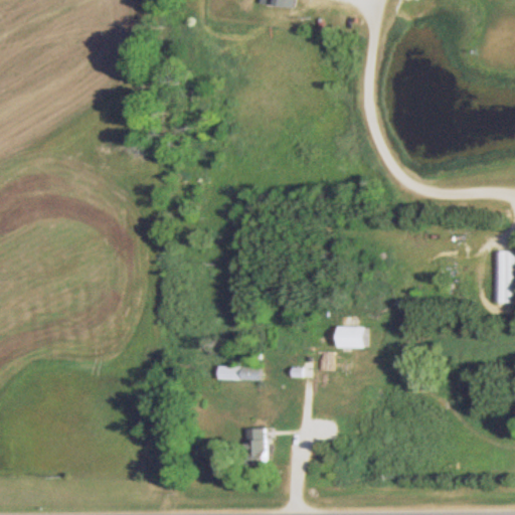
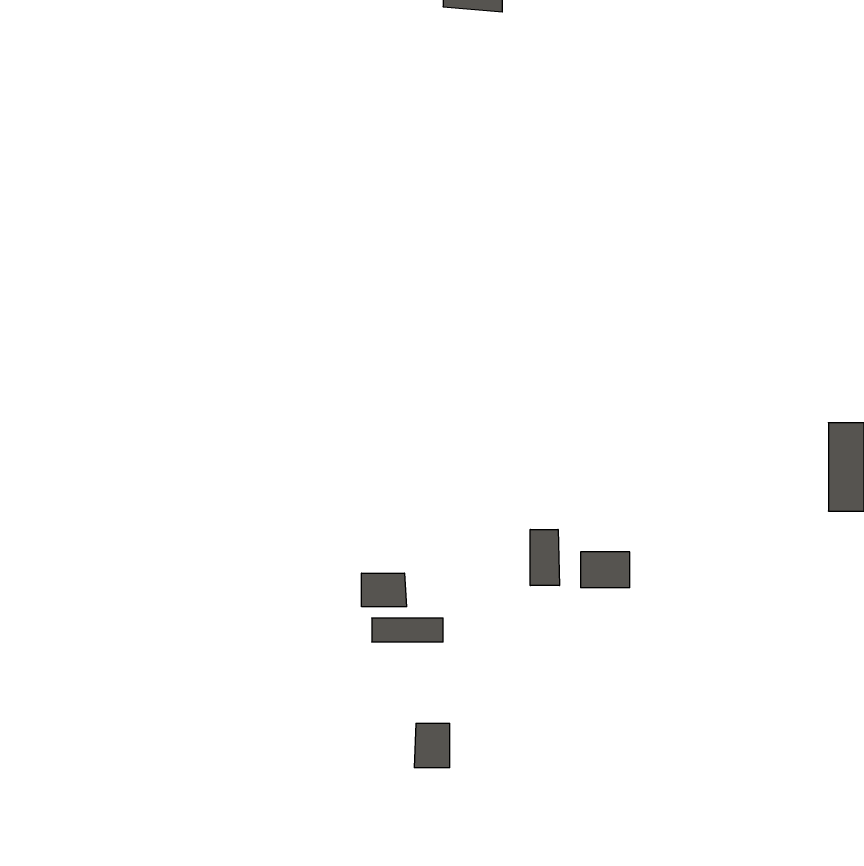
building: none -> [530,529,559,586]
building: none -> [362,573,407,607]

